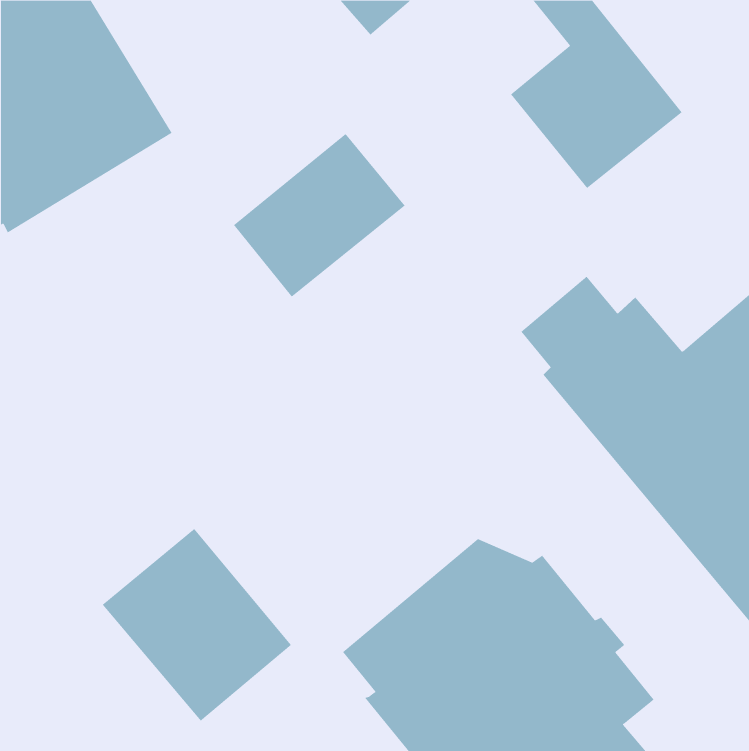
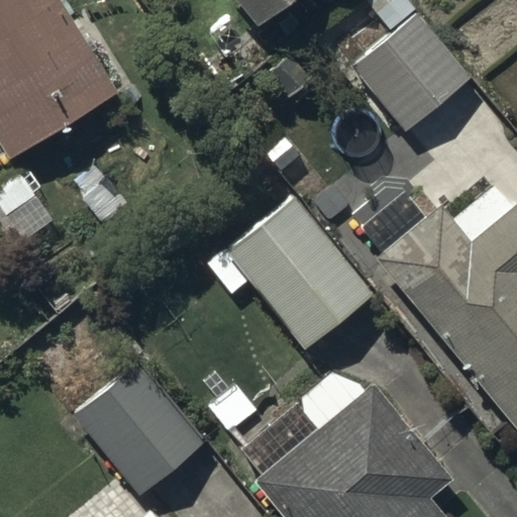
building: [233,133,406,297] -> none
building: none -> [204,197,373,347]

